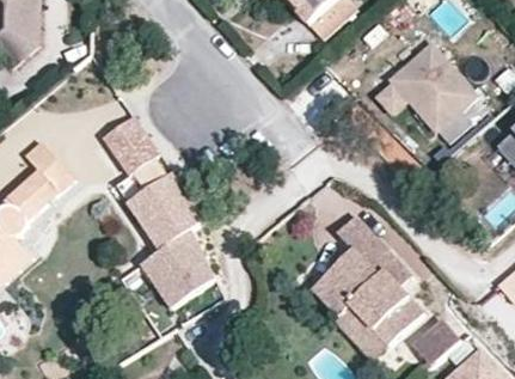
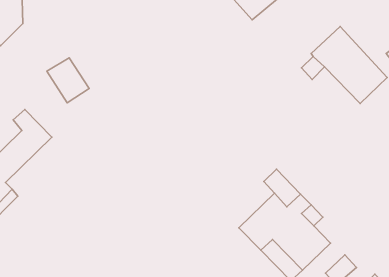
building: [103,123,155,179] -> [47,58,89,103]
building: [124,175,216,308] -> none

